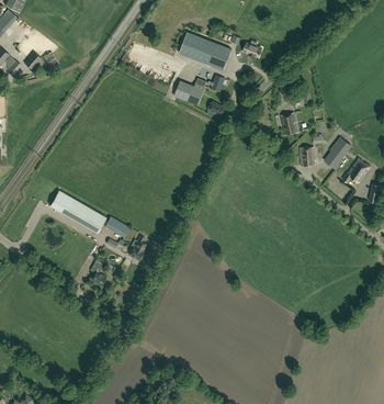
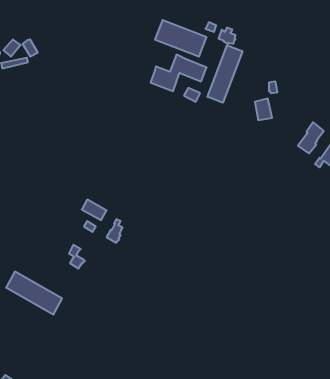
building: none -> [207,45,242,103]
building: [49,189,106,233] -> [6,272,62,315]

